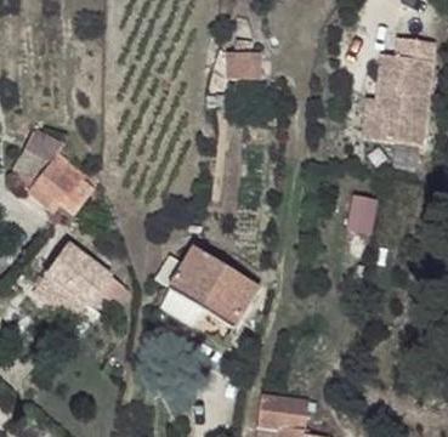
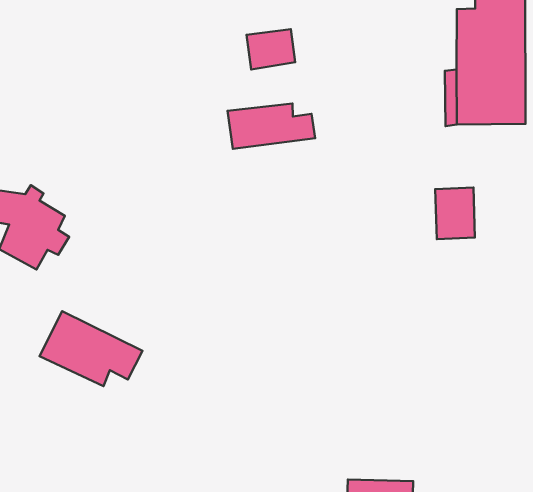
building: none -> [227,103,315,149]
building: [169,243,259,325] -> none

